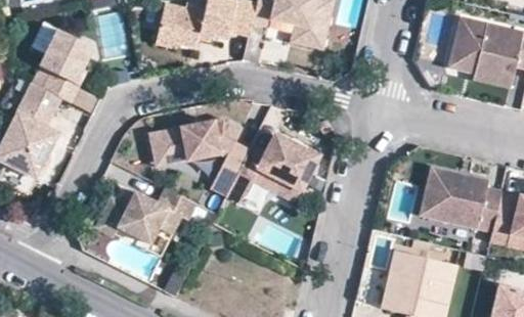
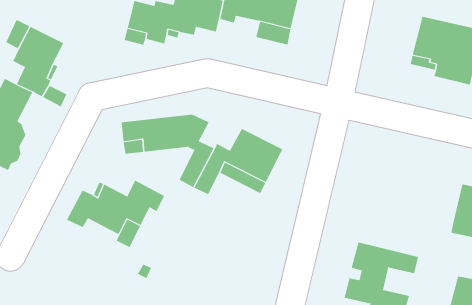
building: [421,167,501,230] -> none

